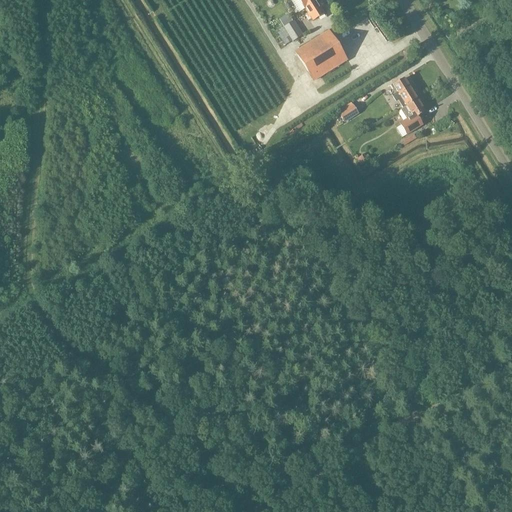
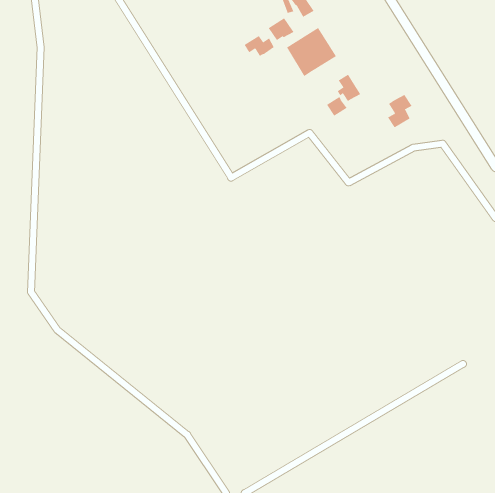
building: none -> [244,35,275,57]
building: [393,76,418,105] -> [337,74,361,102]

